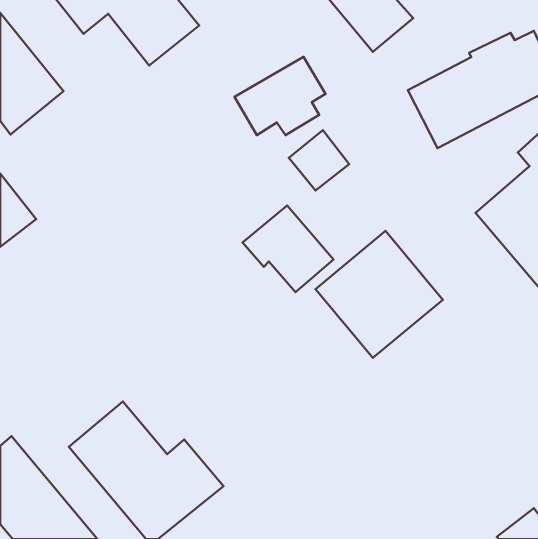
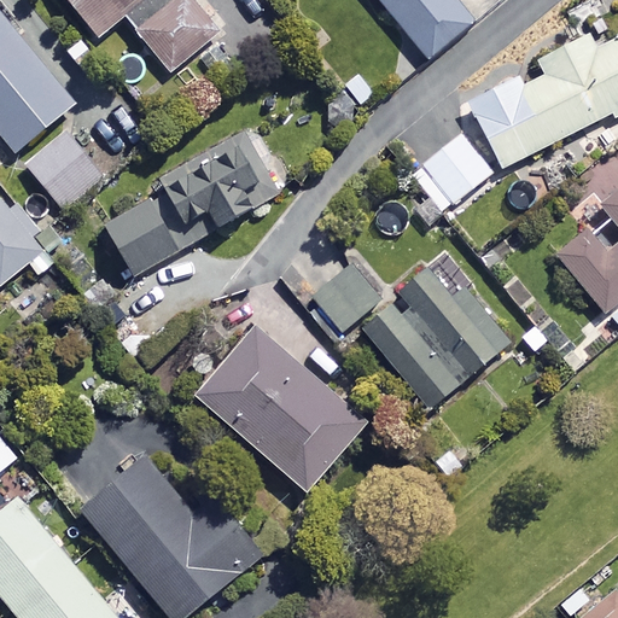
building: [235,57,326,135] -> [158,141,262,231]
building: none -> [29,133,105,209]
building: [289,130,349,191] -> [424,134,492,203]
building: none -> [100,194,180,276]
building: none -> [196,328,366,494]

